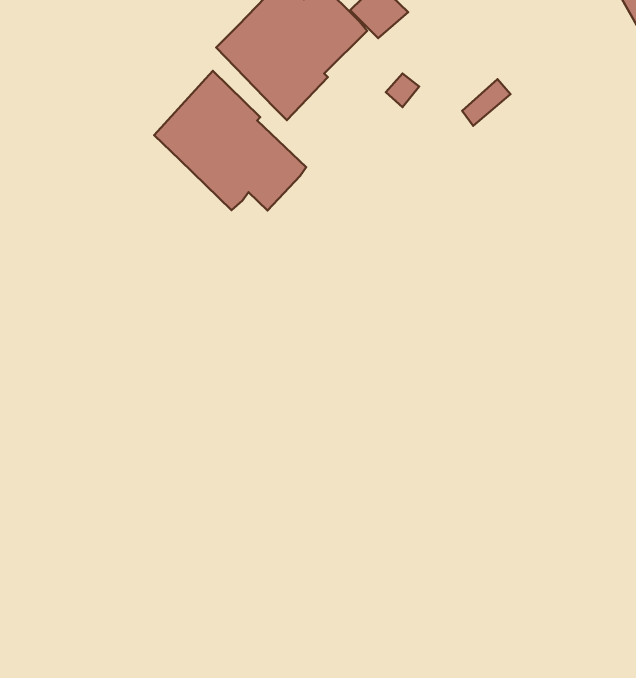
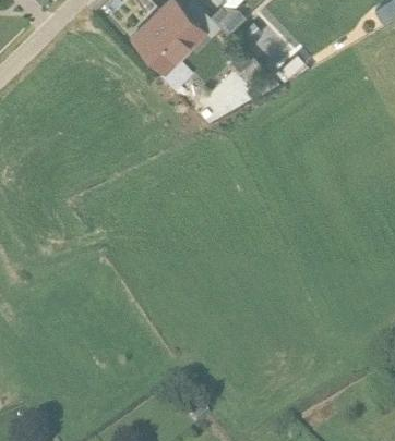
building: [154,71,306,210] -> none

